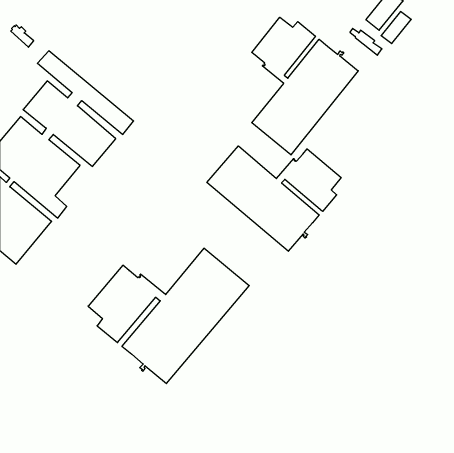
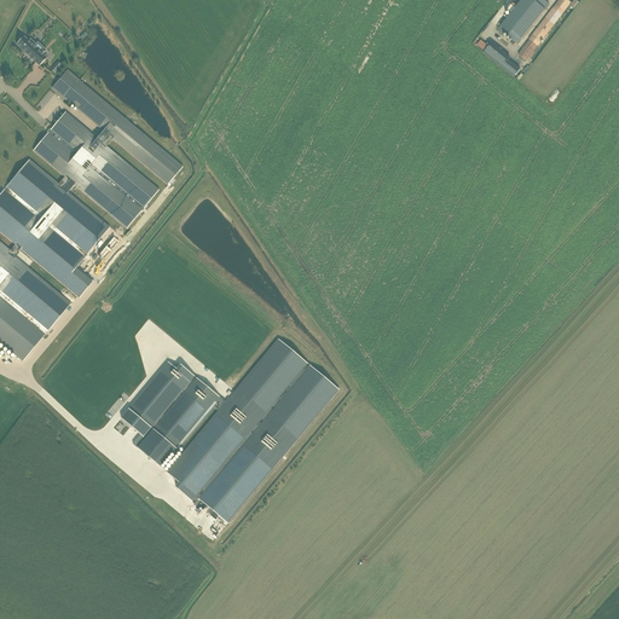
building: [252,17,358,155] -> none
building: [207,146,341,251] -> none

